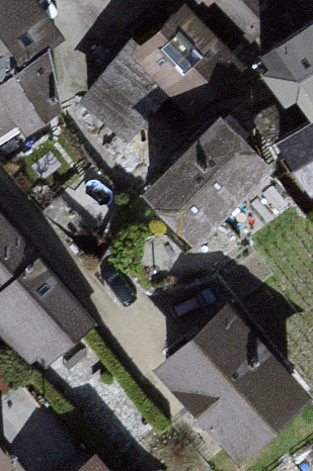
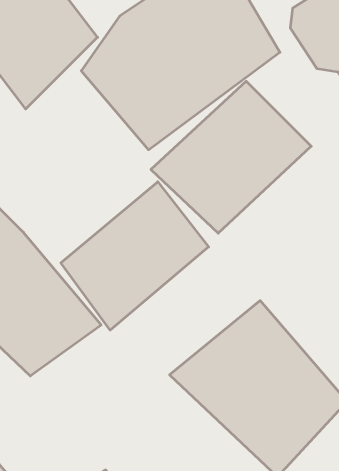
building: none -> [61,182,209,330]

